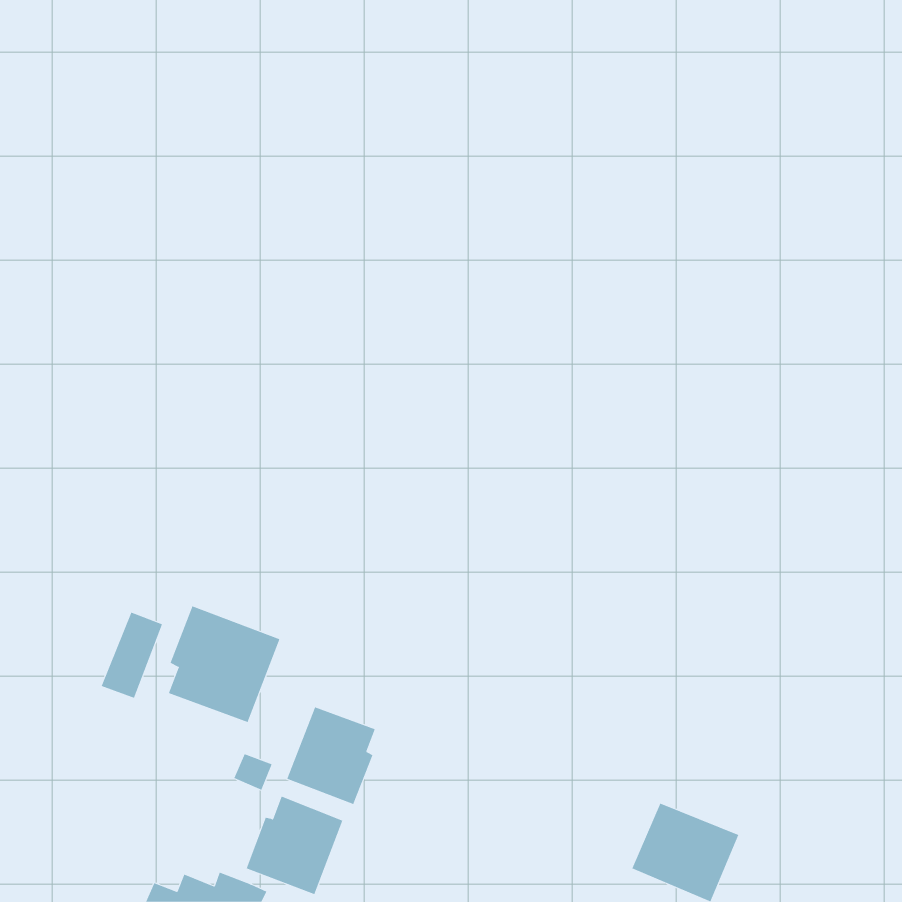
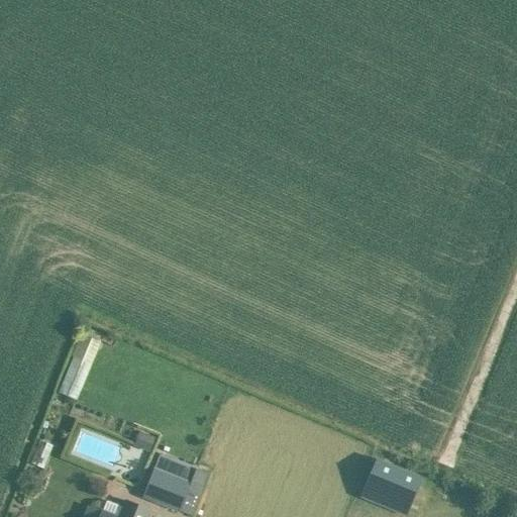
building: [168,606,280,723] -> none
building: [287,706,376,805] -> none

